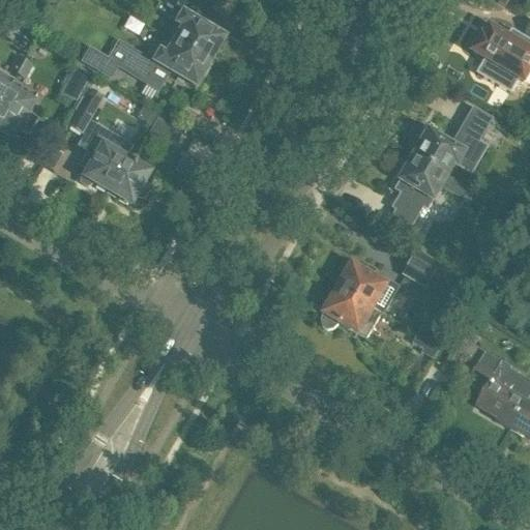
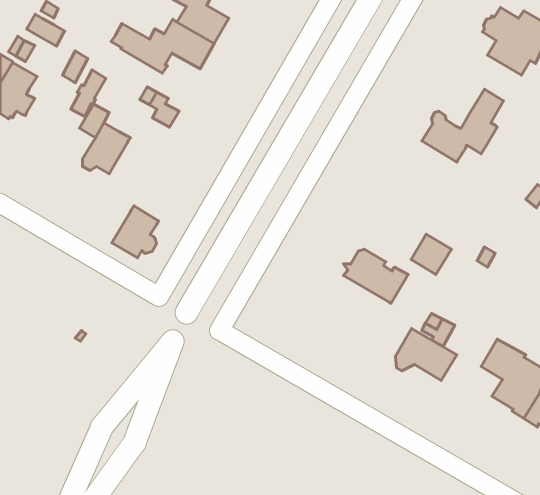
building: [82,48,119,79] -> [27,14,65,46]
building: [107,151,152,202] -> [112,206,159,258]
building: [387,155,464,232] -> none
building: [320,287,380,337] -> [395,328,457,380]

